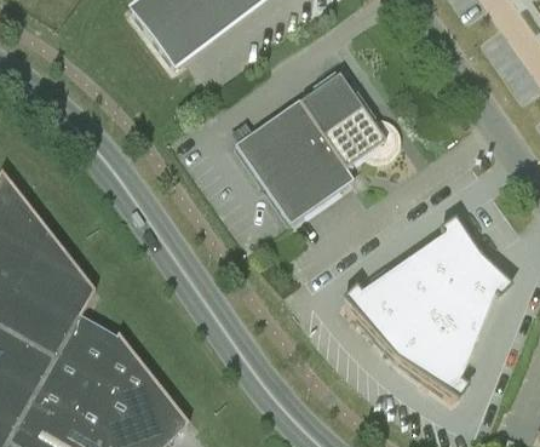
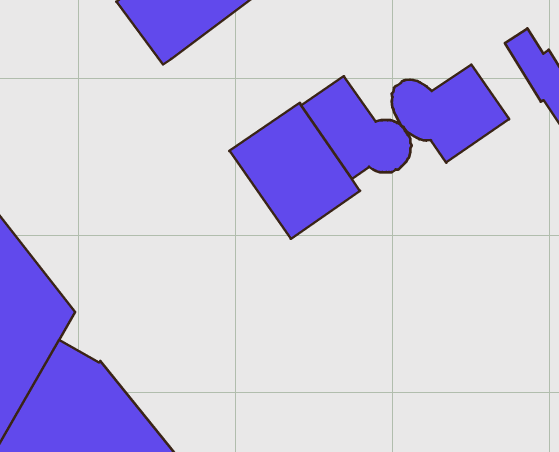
building: none -> [392,65,509,163]
building: [346,223,507,396] -> none

